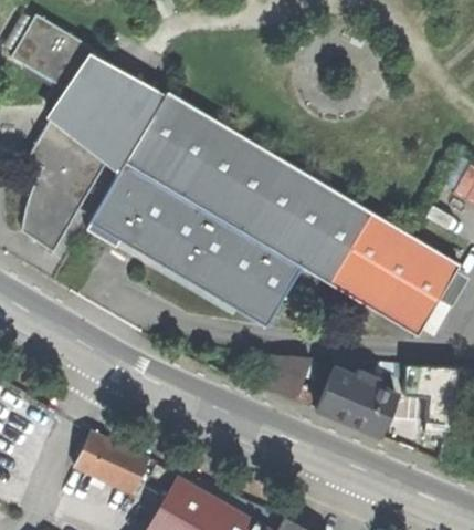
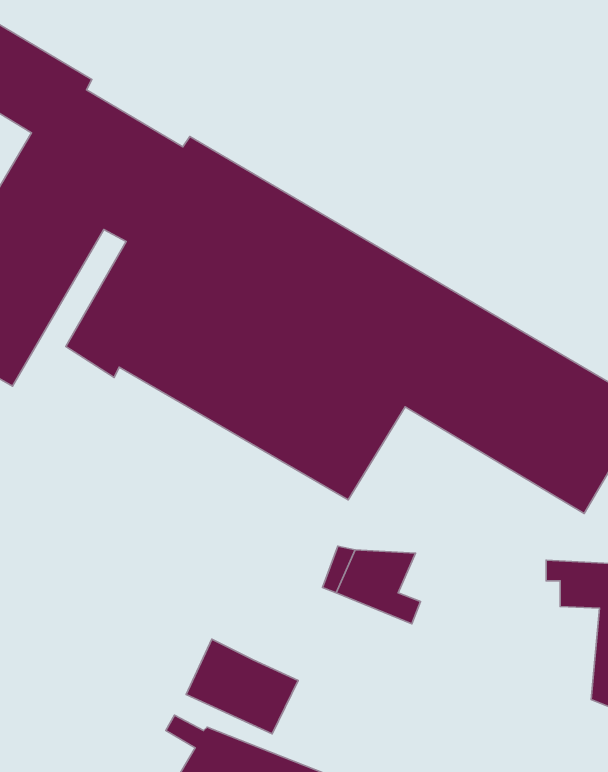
building: [317,370,404,440] -> none
building: [73,432,145,492] -> [186,639,298,734]

